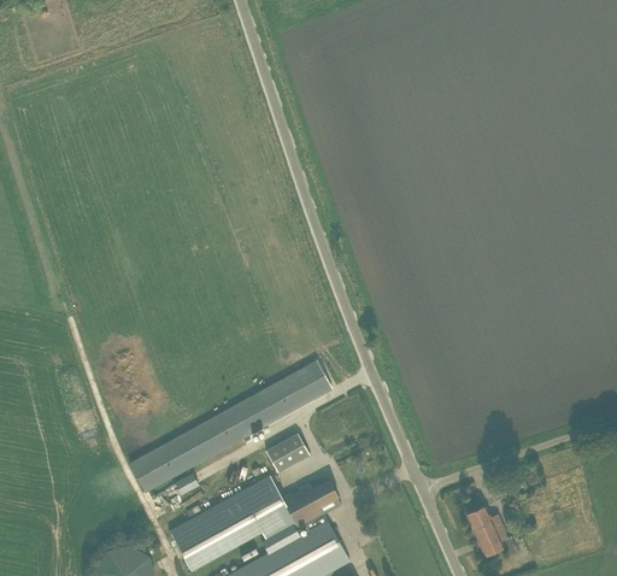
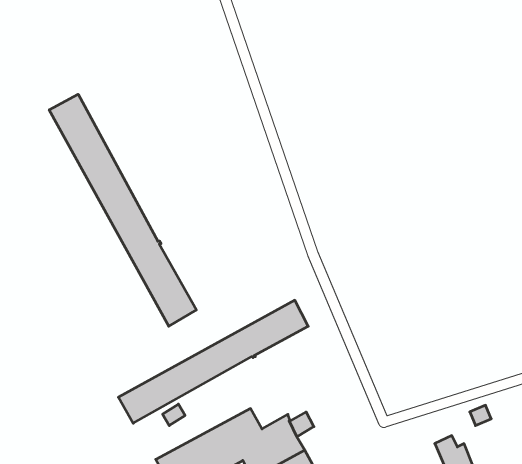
building: none -> [49,94,196,326]
building: [266,431,311,472] -> none

